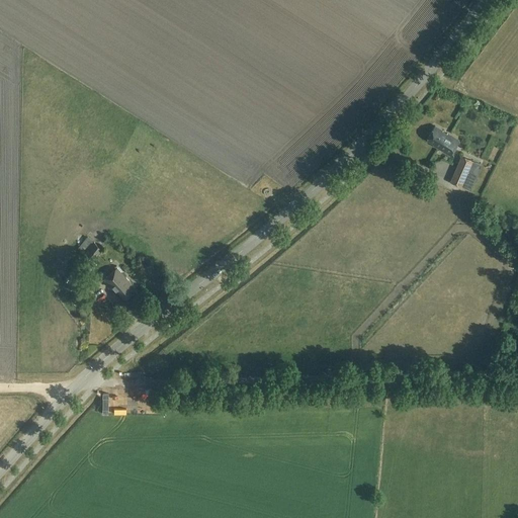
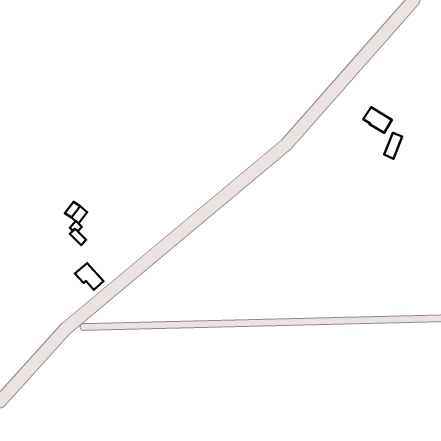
building: [104,267,138,298] -> [75,263,103,290]

